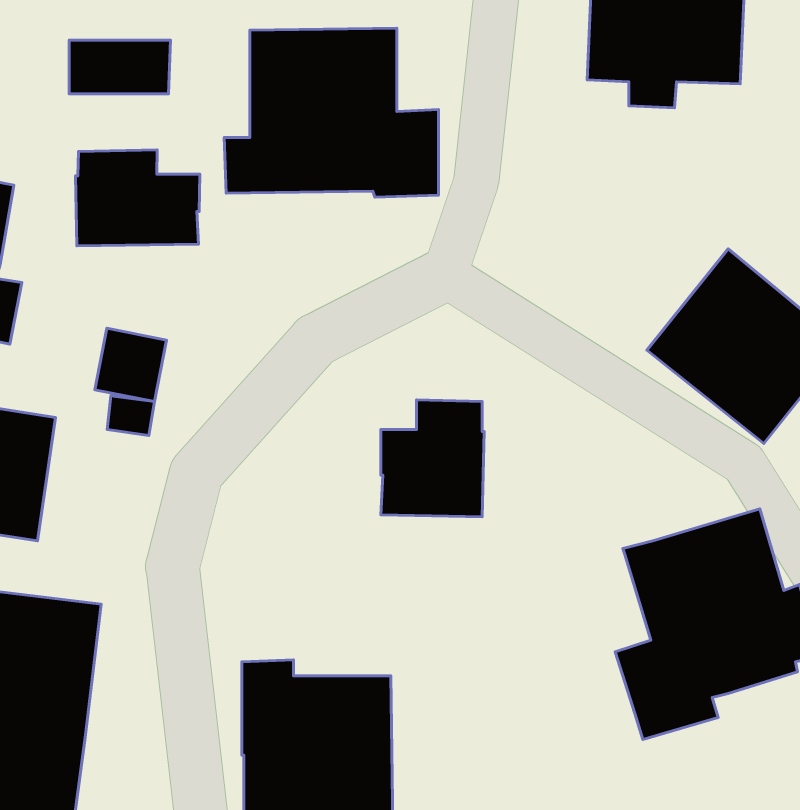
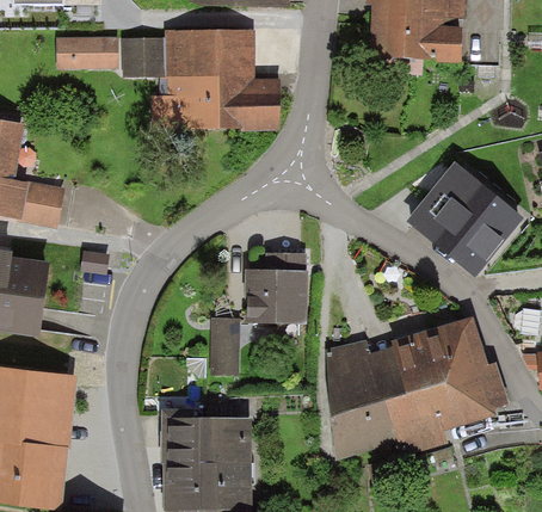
building: none -> [123,36,167,76]
building: [76,150,200,246] -> none
building: [95,328,166,402] -> [23,181,66,226]
building: none -> [211,317,240,372]
building: none -> [327,338,408,459]

